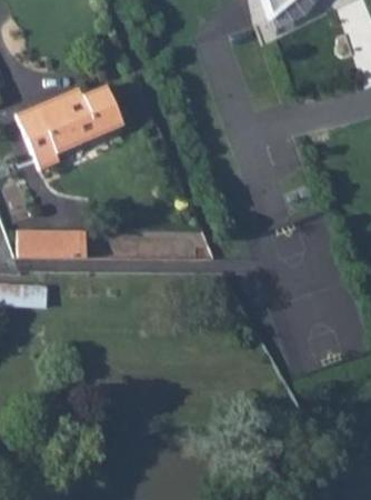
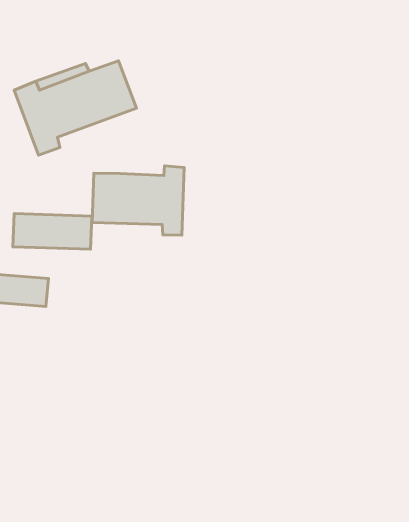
building: none -> [92,166,184,235]

